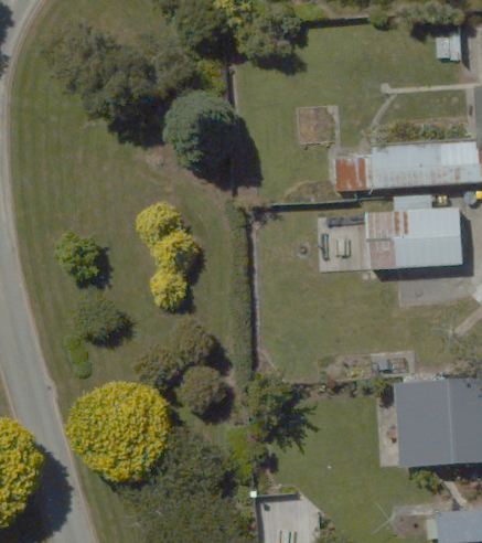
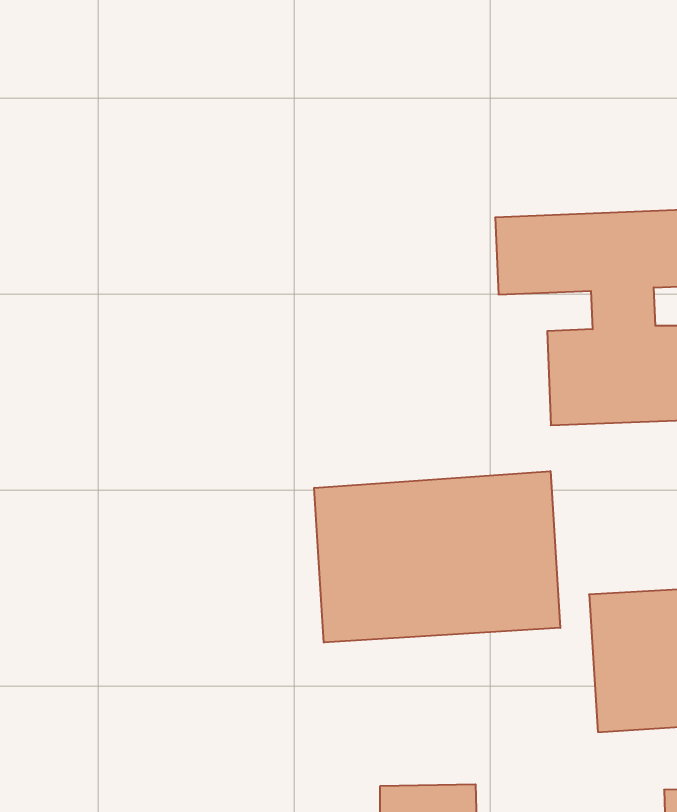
building: none -> [314,471,560,643]

